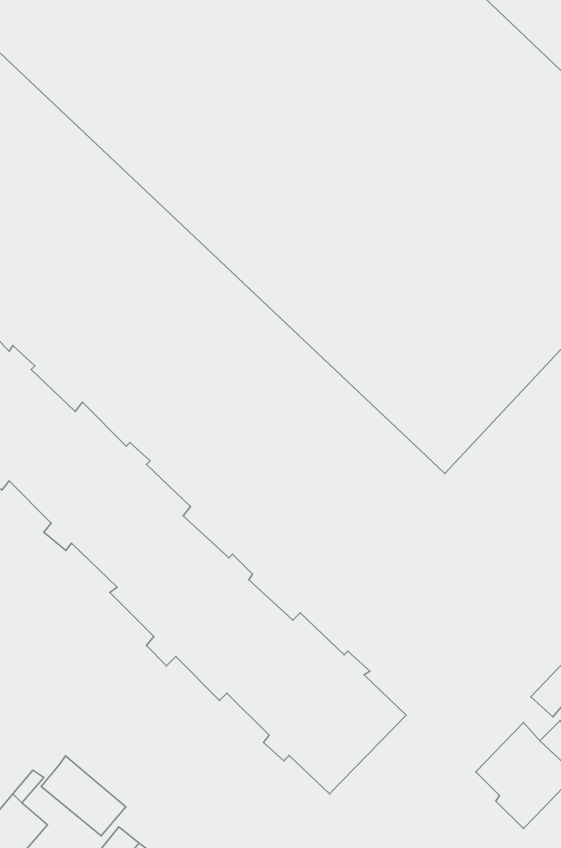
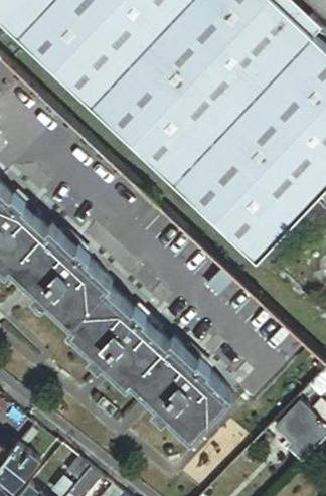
building: [41,756,126,836] -> none

